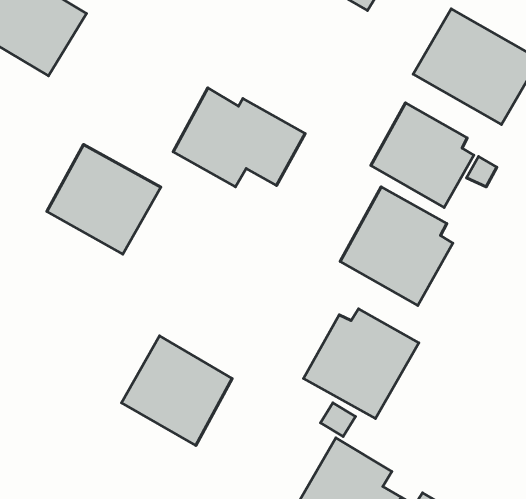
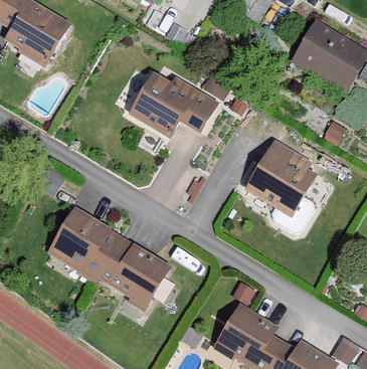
building: [371,103,474,207] -> none
building: [47,145,161,254] -> [45,207,121,280]
building: [303,309,419,419] -> none

